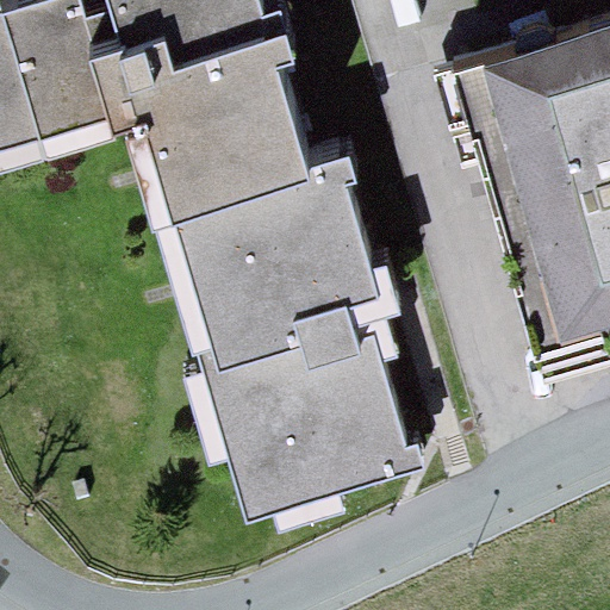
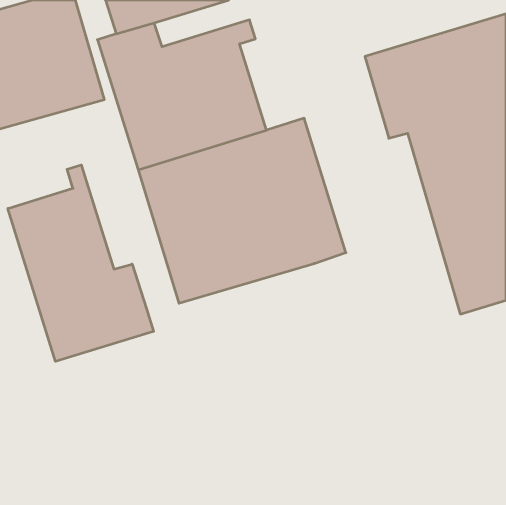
building: none -> [8,165,154,361]
building: [214,319,435,518] -> none

